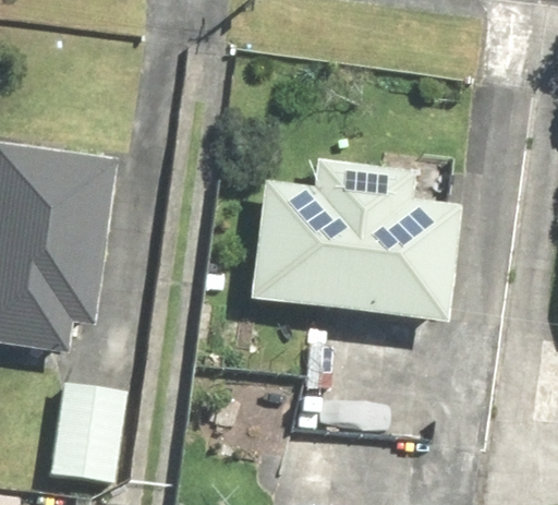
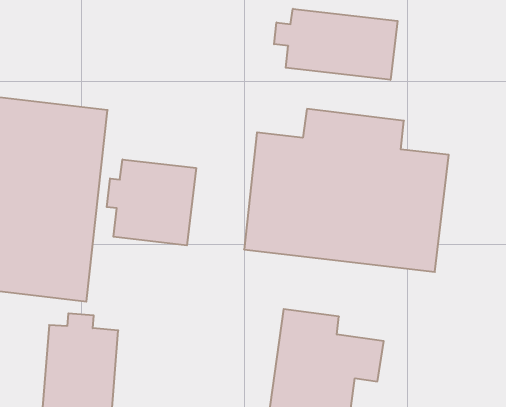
building: none -> [274,9,398,80]
building: none -> [107,159,196,245]

